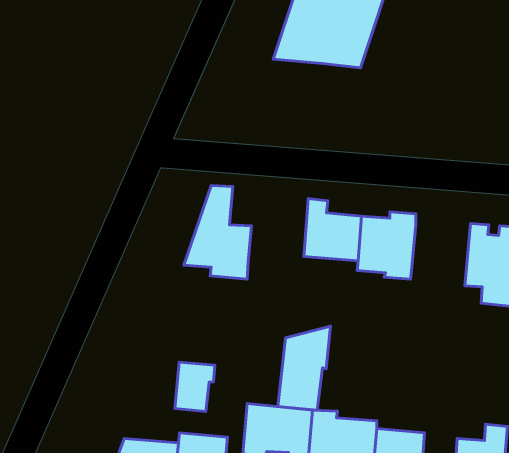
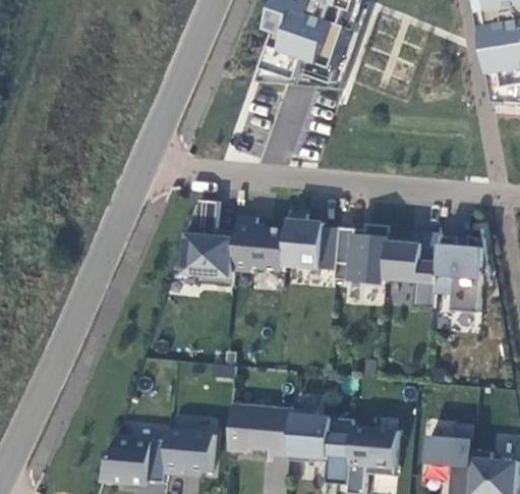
building: none -> [233,214,288,271]
building: none -> [386,230,441,307]
building: [278,326,330,410] -> none
building: [175,362,215,411] -> none

